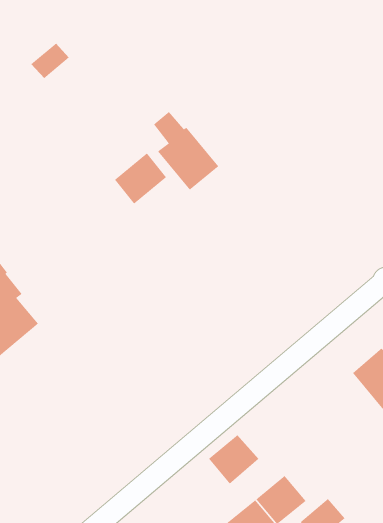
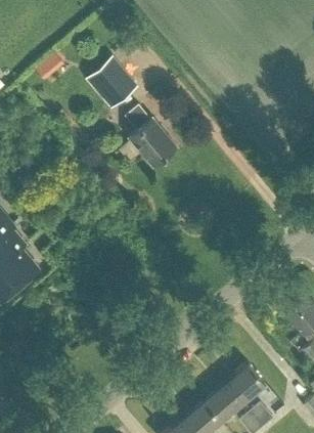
building: none -> [93,59,135,103]
building: [114,153,167,204] -> none
building: [208,435,259,484] -> [227,364,266,402]

